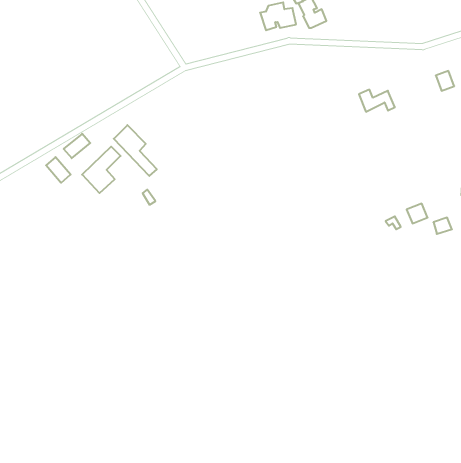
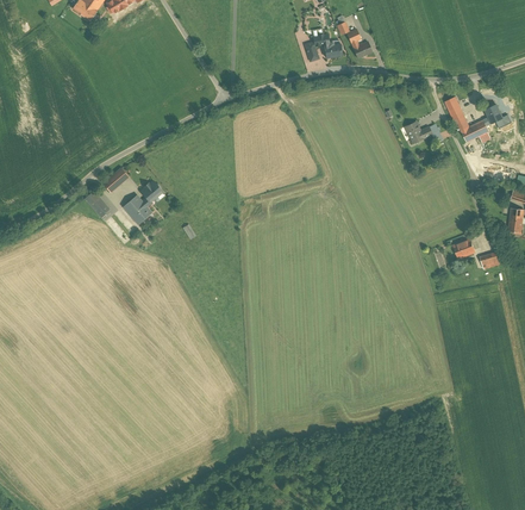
building: none -> [445,97,492,143]
building: [114,125,157,176] -> none

